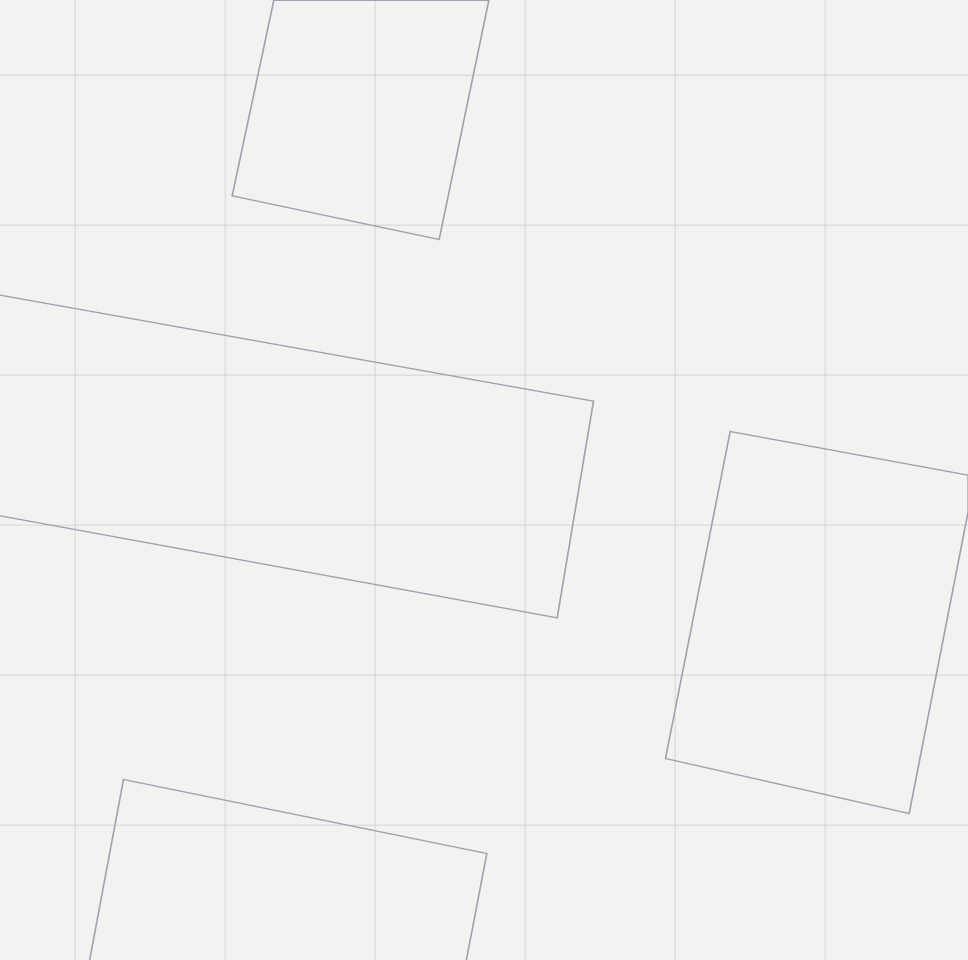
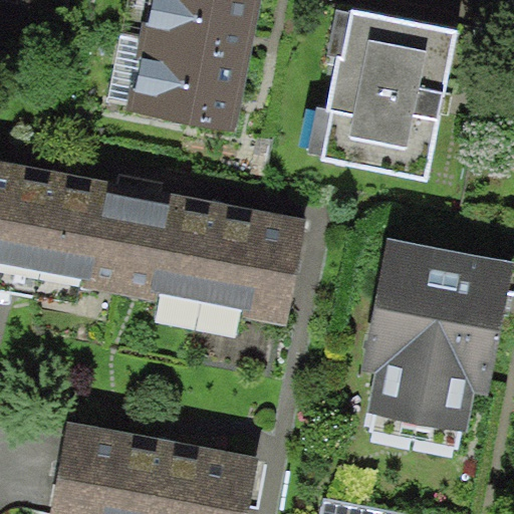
building: none -> [317,11,460,192]

